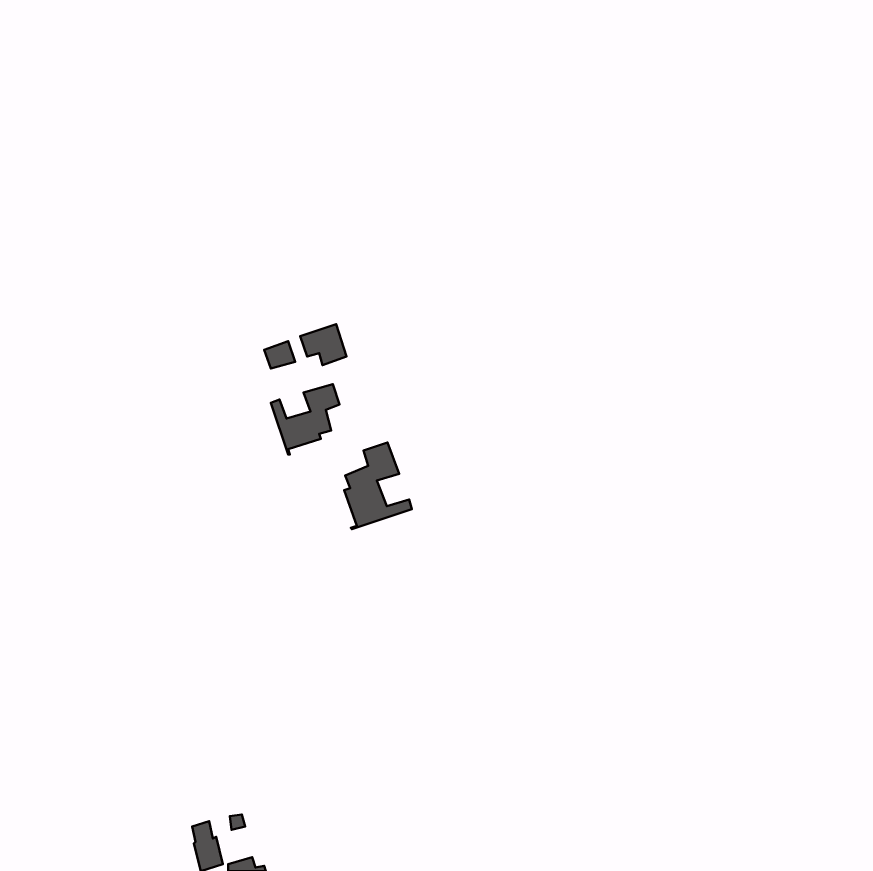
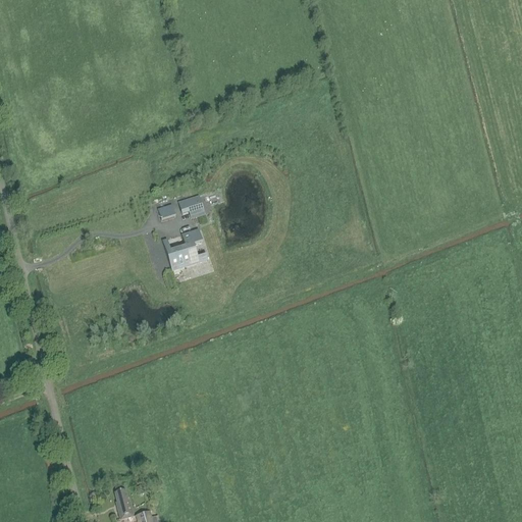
building: [344,443,412,529] -> none

